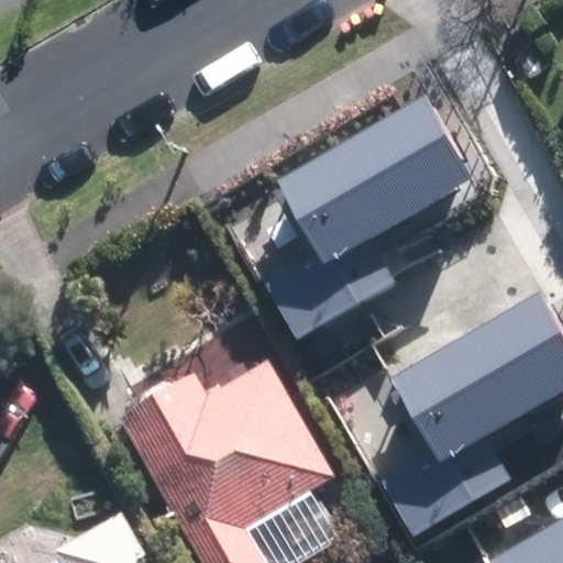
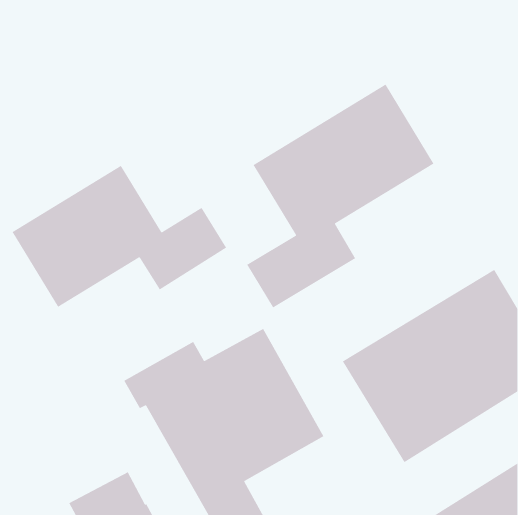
building: none -> [11,165,227,308]

